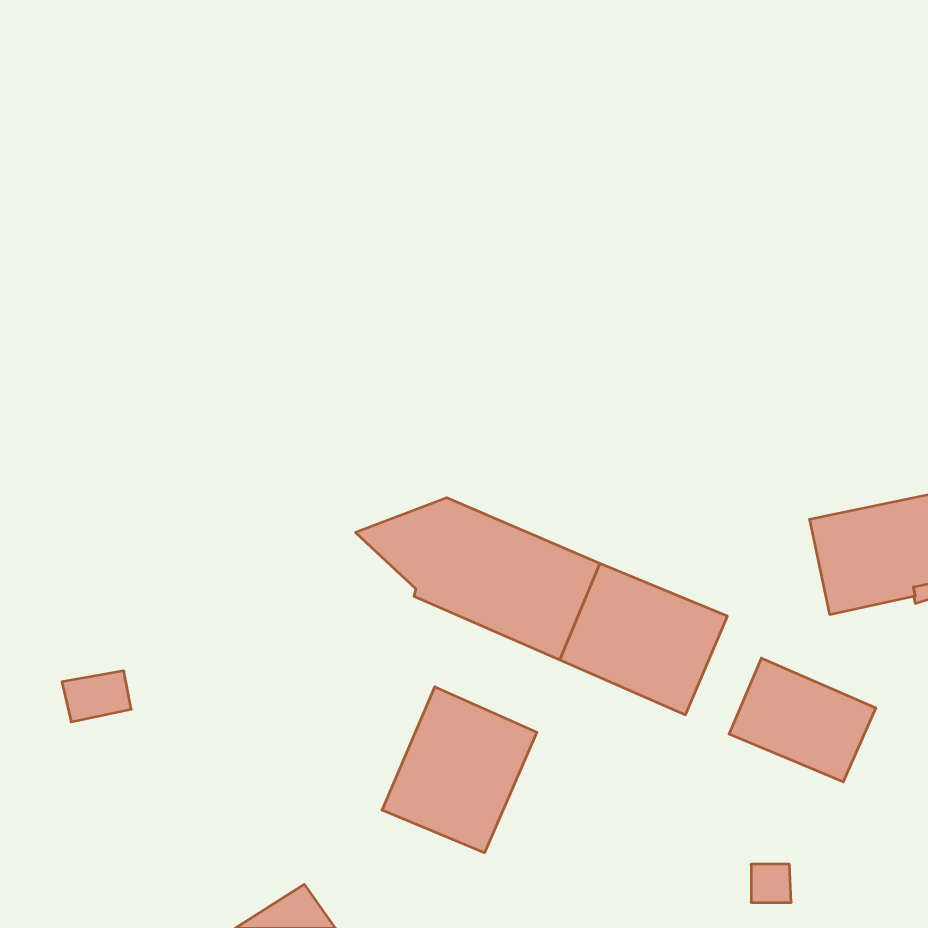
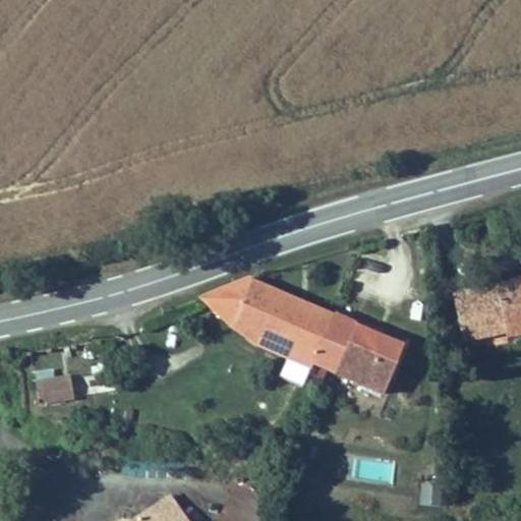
building: [729,658,876,782] -> none
building: [382,687,537,853] -> none

